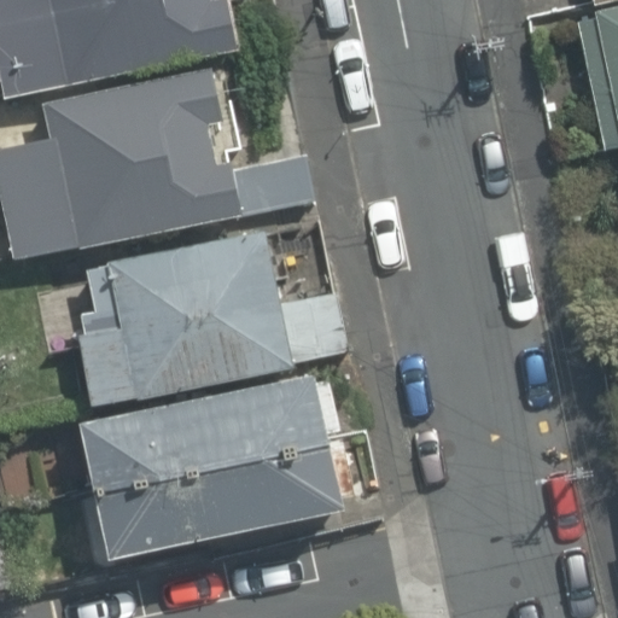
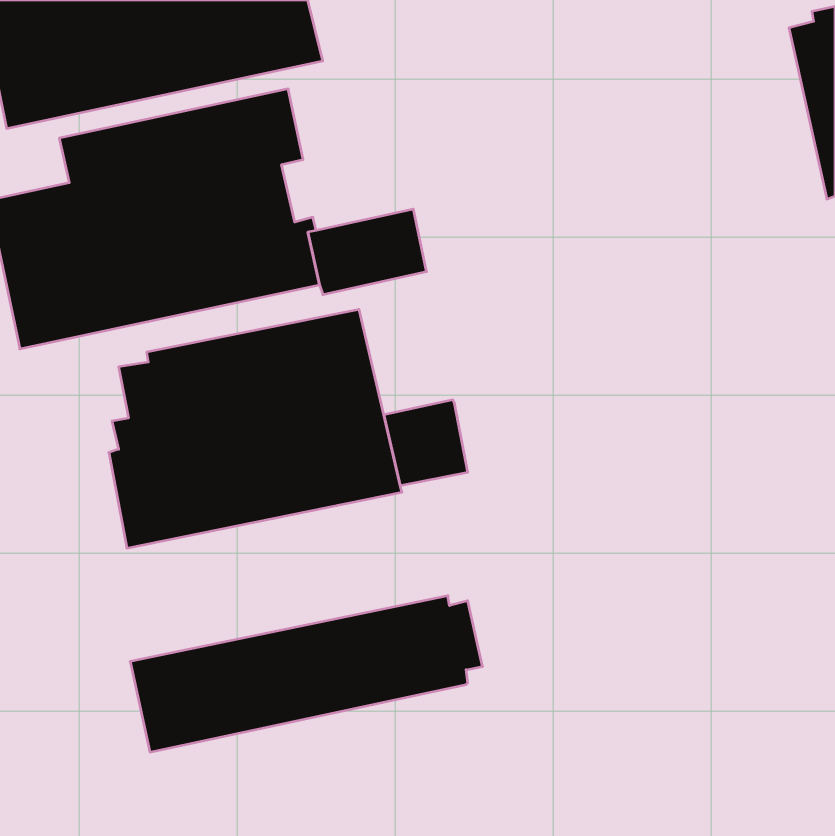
building: [81,373,337,489] -> none

